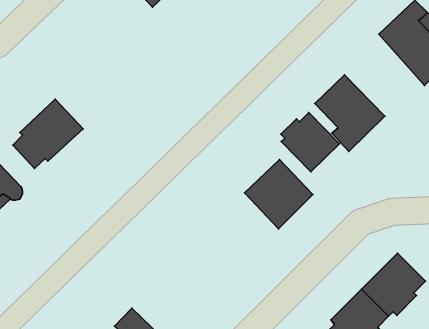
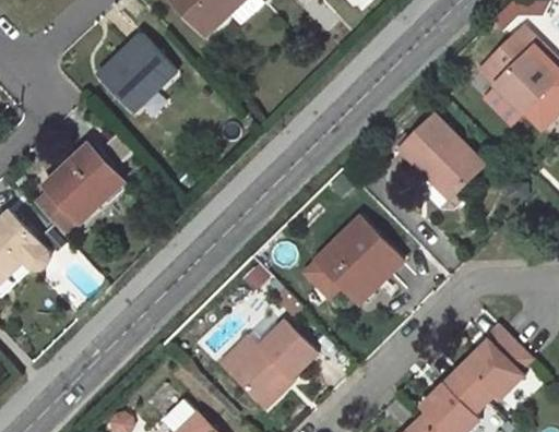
building: none -> [95,33,173,109]
building: [281,113,339,172] -> none
building: none -> [226,321,313,404]

